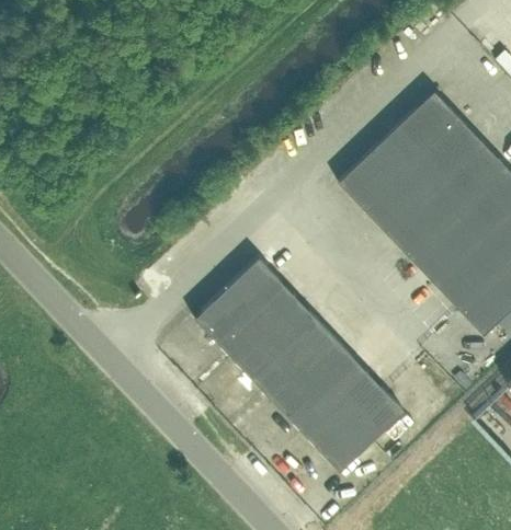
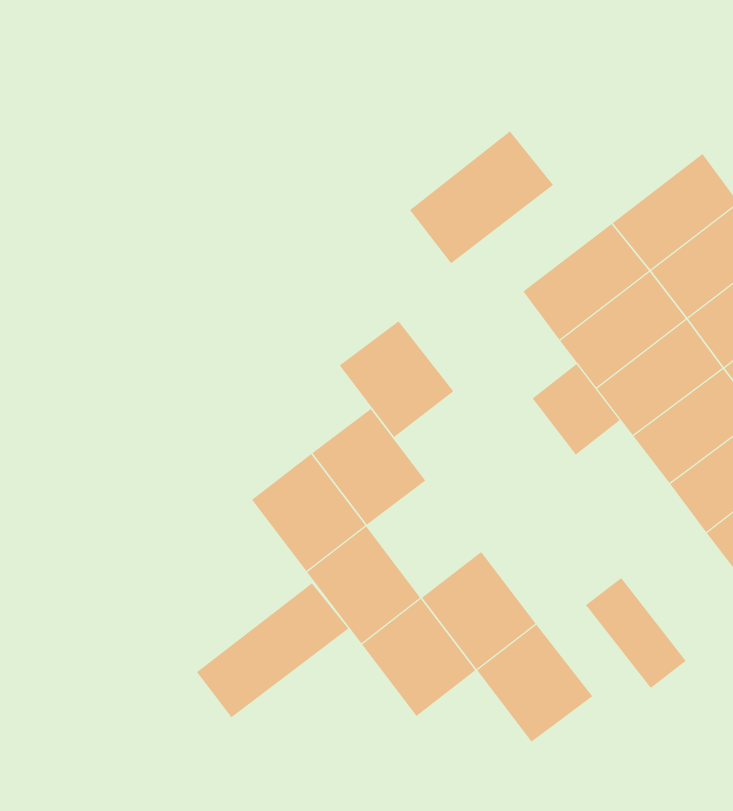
building: none -> [409,130,554,264]
building: none -> [532,363,620,455]
building: [264,298,332,366] -> [339,321,454,438]
building: none -> [585,577,687,689]
building: none -> [196,582,349,718]
building: [305,404,373,473] -> none

